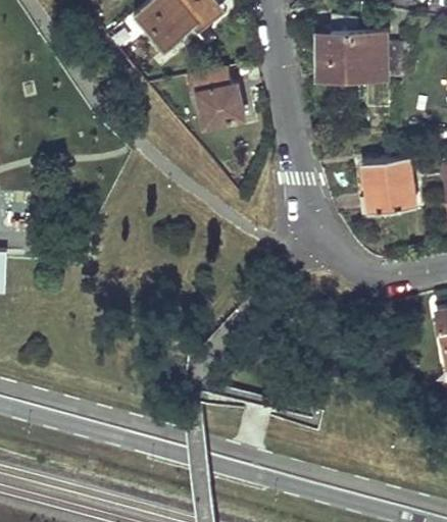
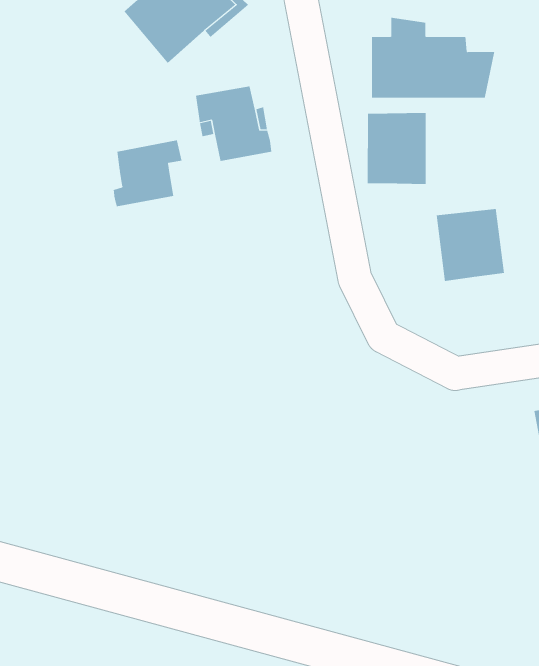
building: none -> [367,112,426,185]
building: none -> [113,140,182,207]

